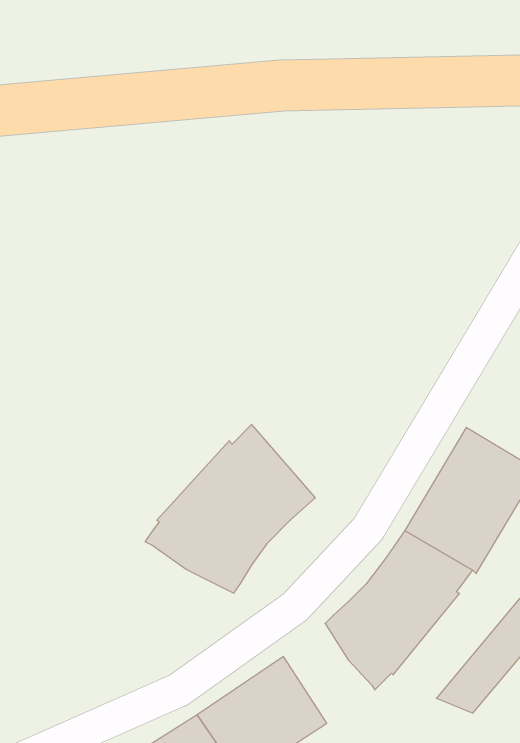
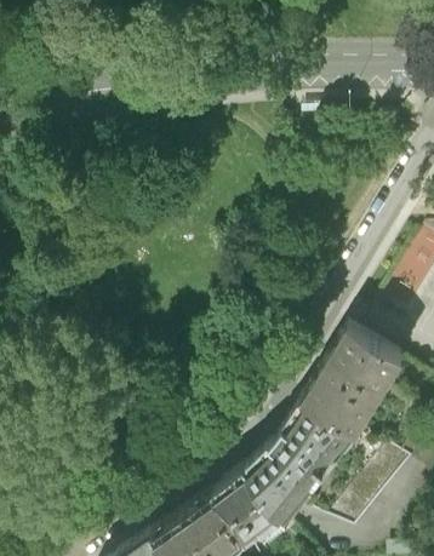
building: [145,424,315,593] -> none
building: none -> [217,468,281,540]

